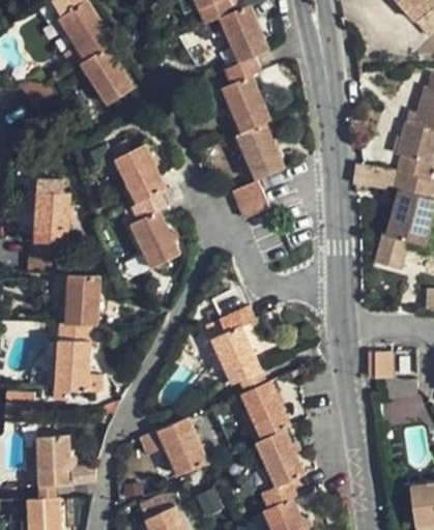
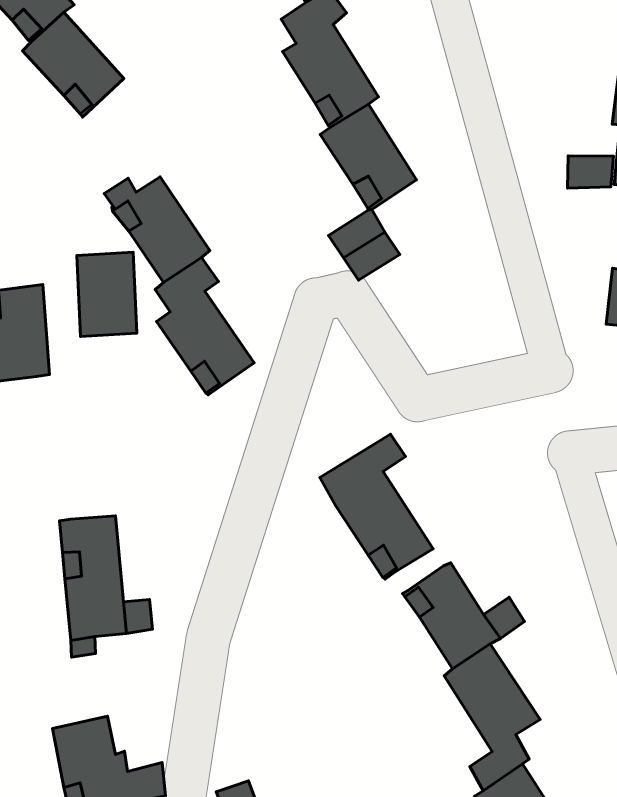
building: [69,268,106,316] -> [77,252,137,337]
building: [138,416,205,474] -> none

